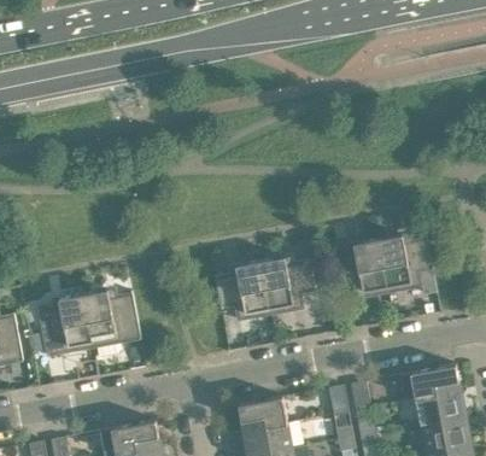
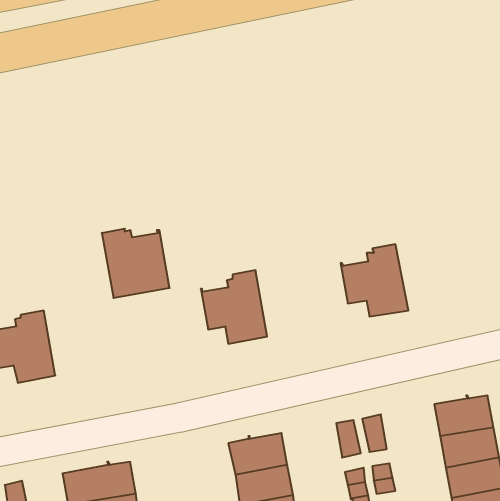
building: [377,234,432,293] -> none
building: [260,256,315,315] -> none
building: [83,290,140,347] -> [102,229,170,298]

